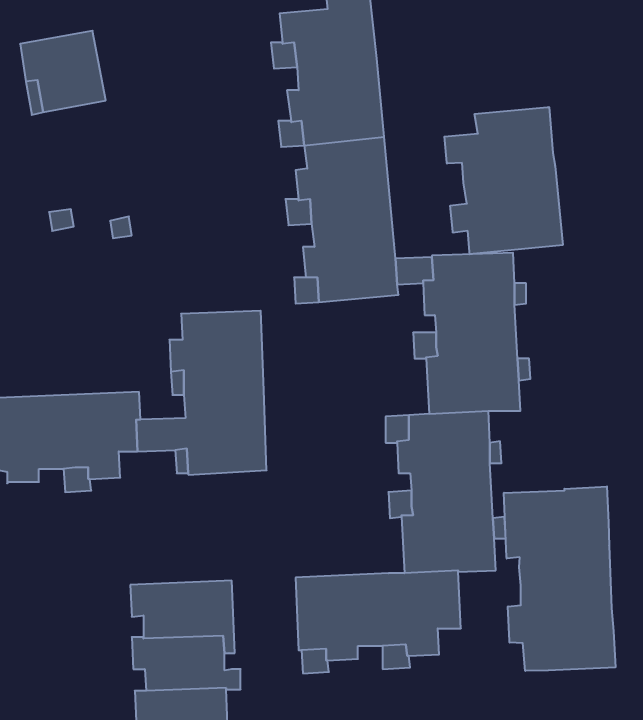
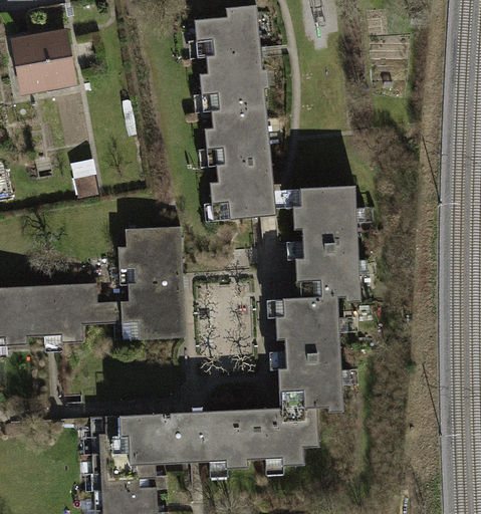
building: [444,107,563,254] -> none
building: [504,486,615,671] -> none
building: none -> [161,411,207,463]

